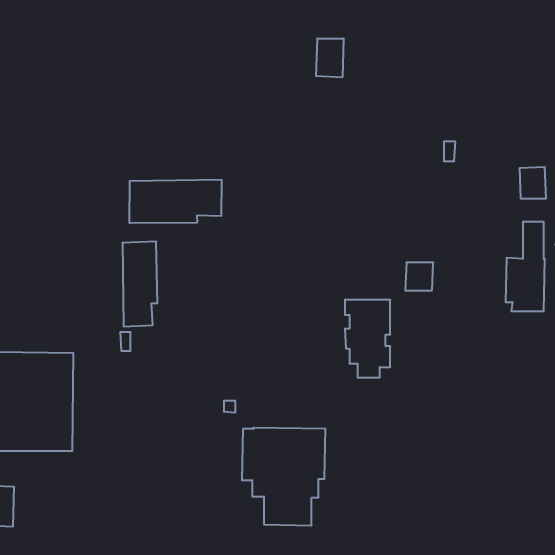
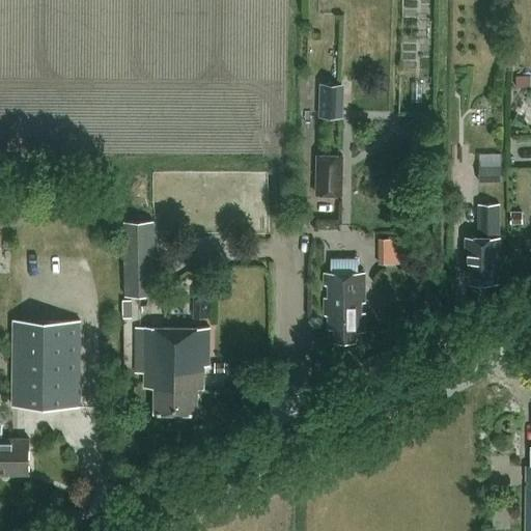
building: [316,39,344,77] -> [318,85,343,119]
building: none -> [316,155,343,197]
building: [130,180,222,223] -> none
building: [242,428,326,526] -> [134,328,208,415]

